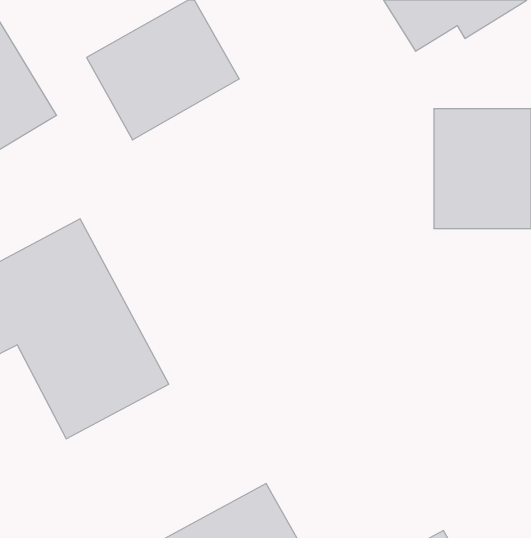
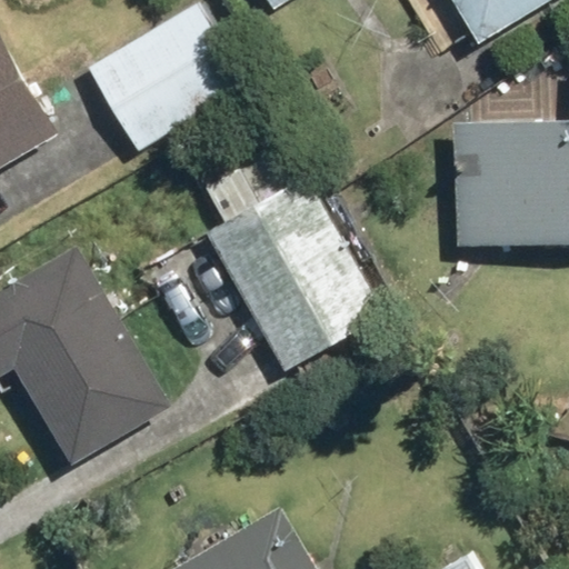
building: none -> [204,173,380,368]

